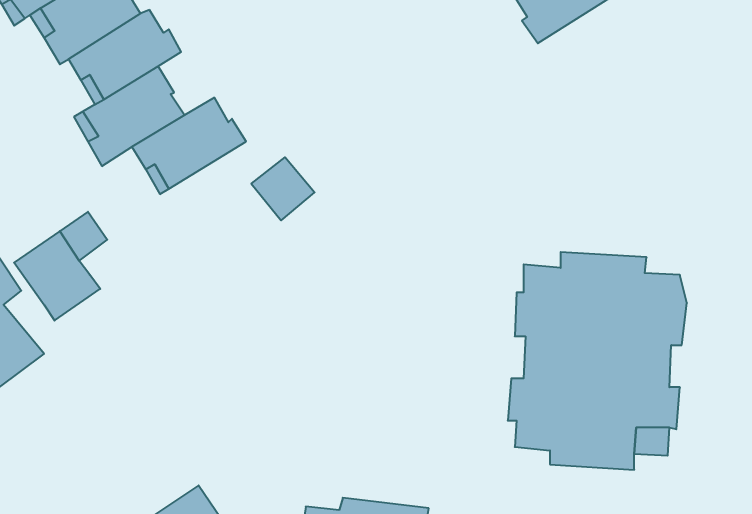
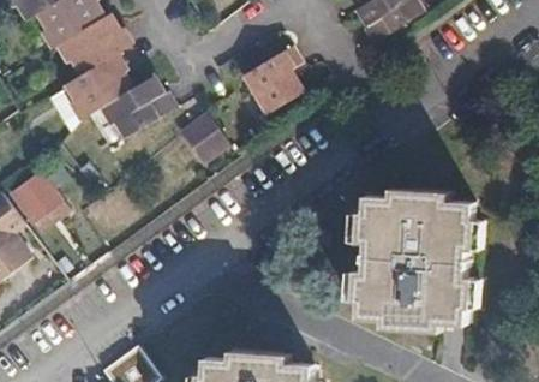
building: none -> [236,47,297,114]

